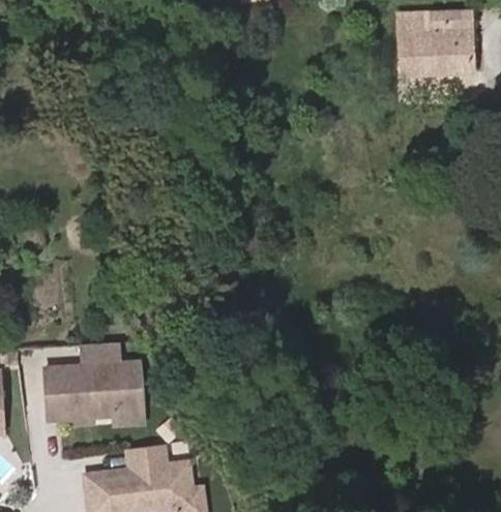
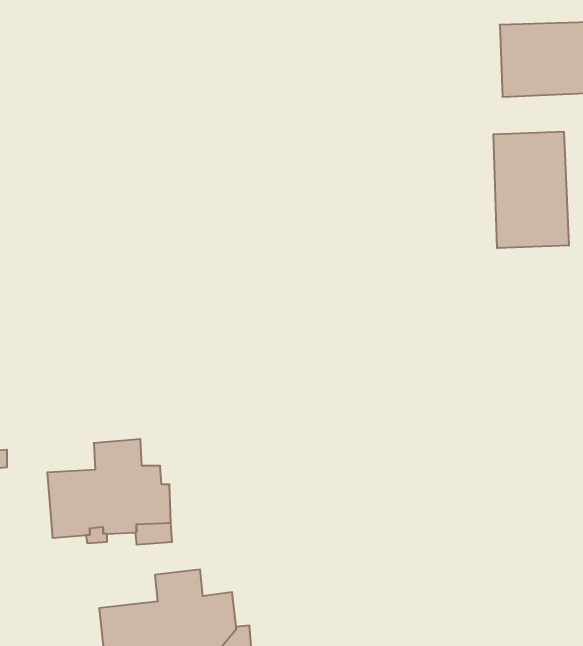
building: none -> [494,132,569,248]

